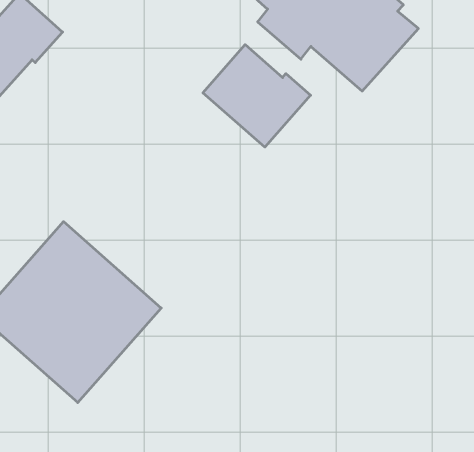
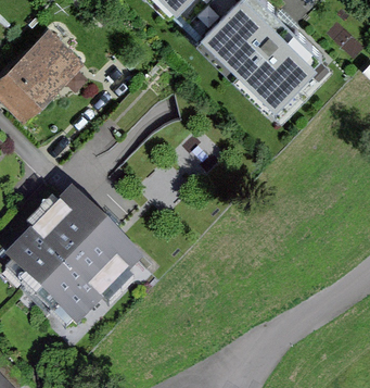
building: [203,45,311,147] -> none

